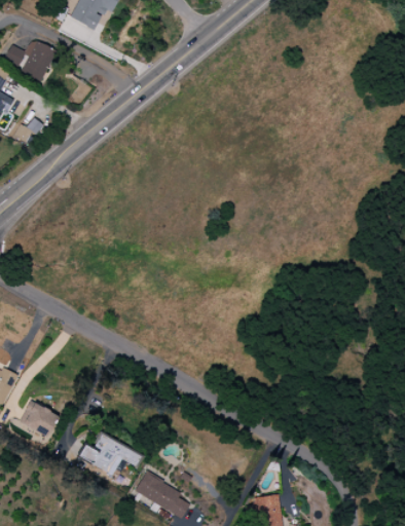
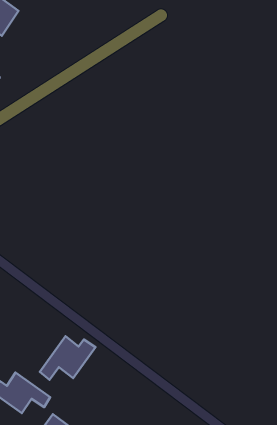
building: none -> [40,336,96,380]

